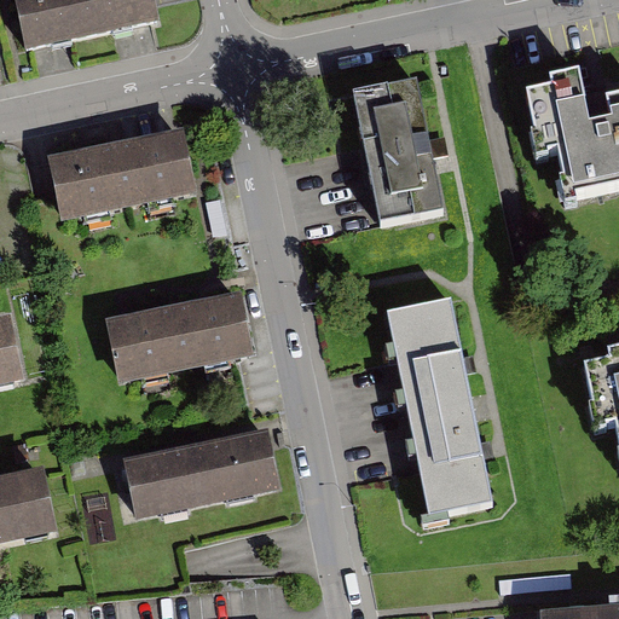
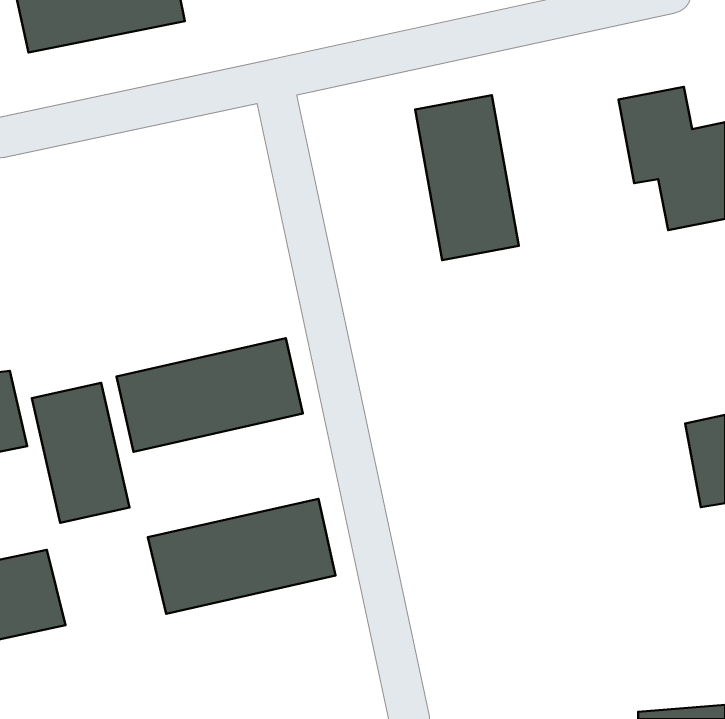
building: [44,126,202,224] -> none
building: [384,297,491,515] -> none
building: none -> [32,383,130,523]

